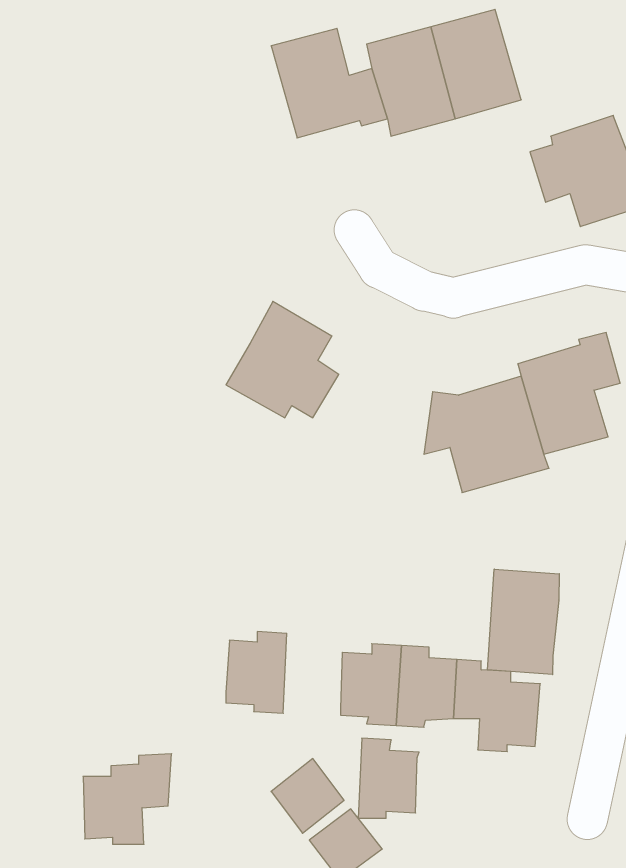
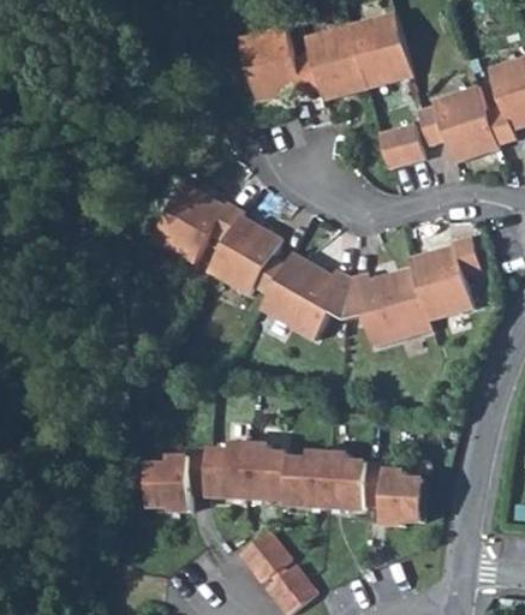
building: none -> [378,124,423,168]
building: none -> [153,183,243,263]
building: none -> [261,251,351,340]
building: [488,569,559,675] -> none
building: [358,738,419,818] -> [247,443,290,498]
building: [83,754,172,844] -> [149,448,210,510]

